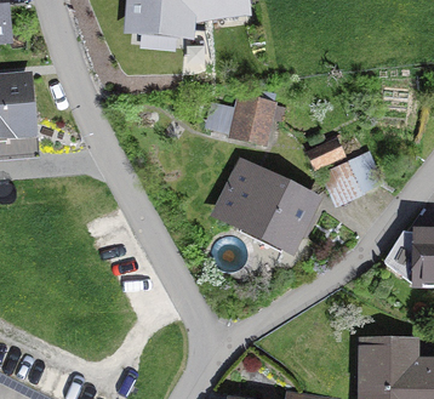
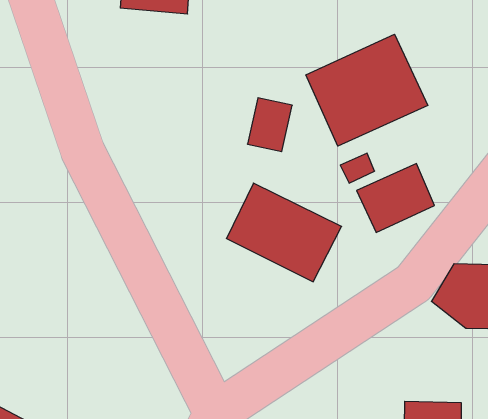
building: none -> [306,34,428,146]

